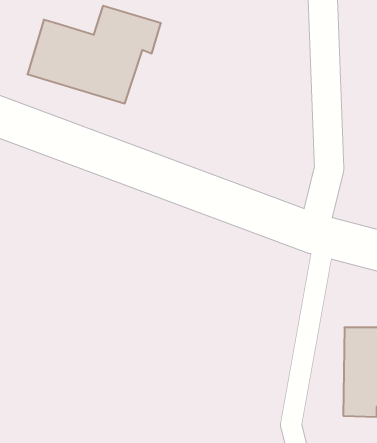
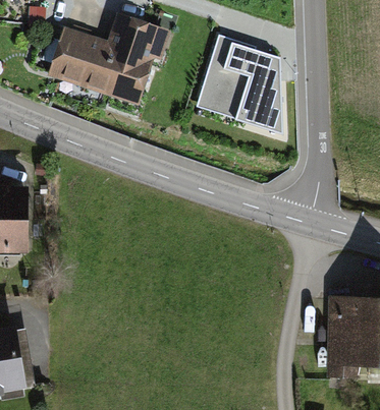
building: none -> [198,40,280,130]

